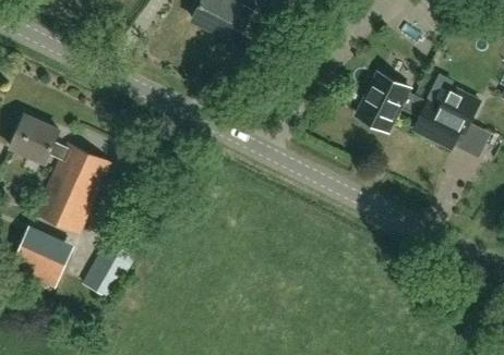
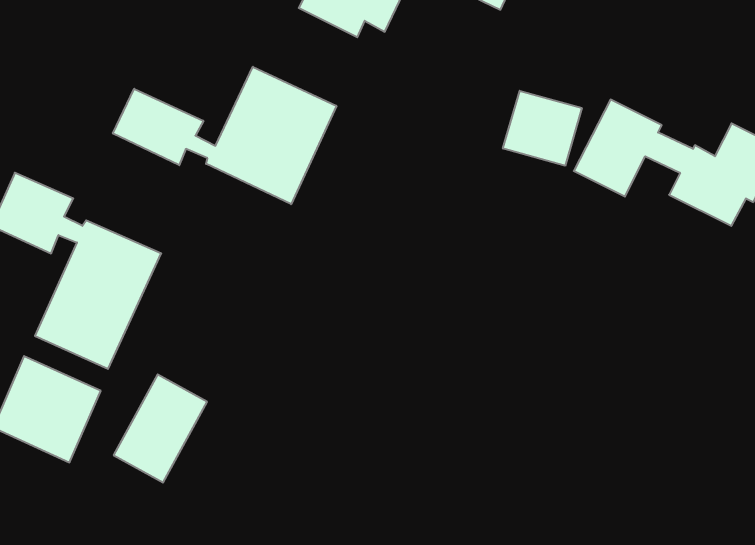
building: none -> [113,67,336,204]
building: none -> [503,91,582,166]

